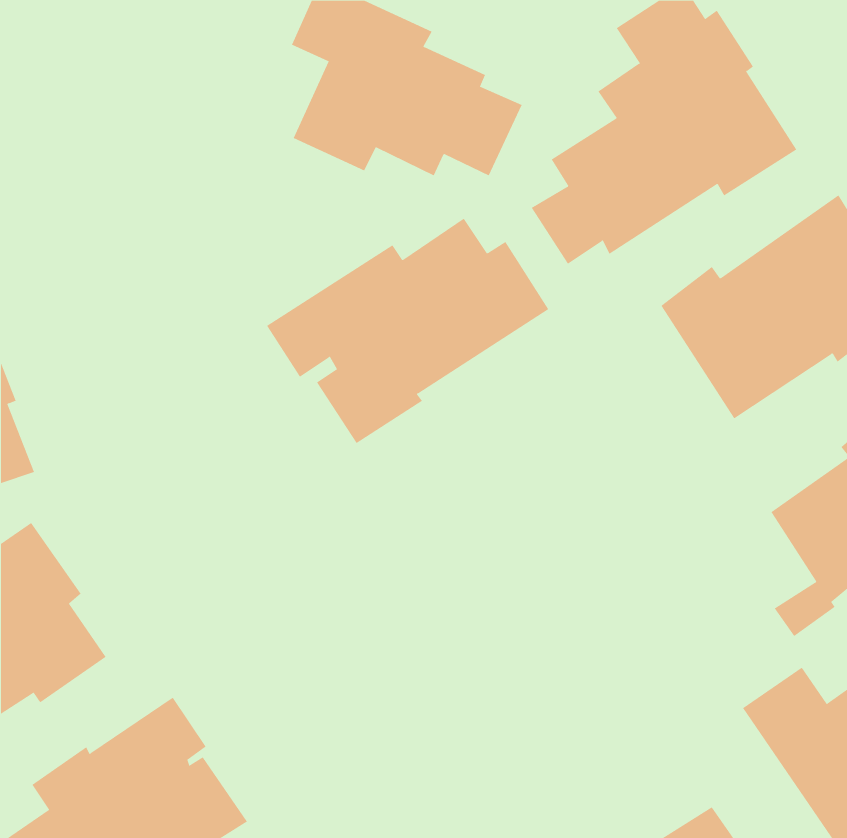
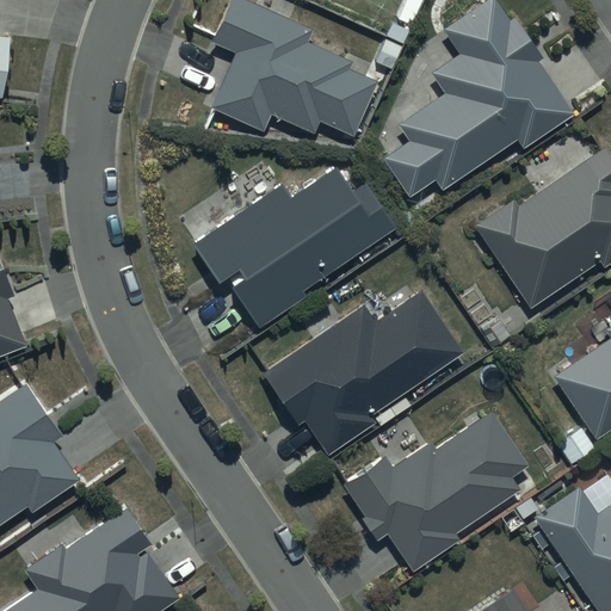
building: none -> [264,291,463,456]
building: none -> [342,412,529,572]

